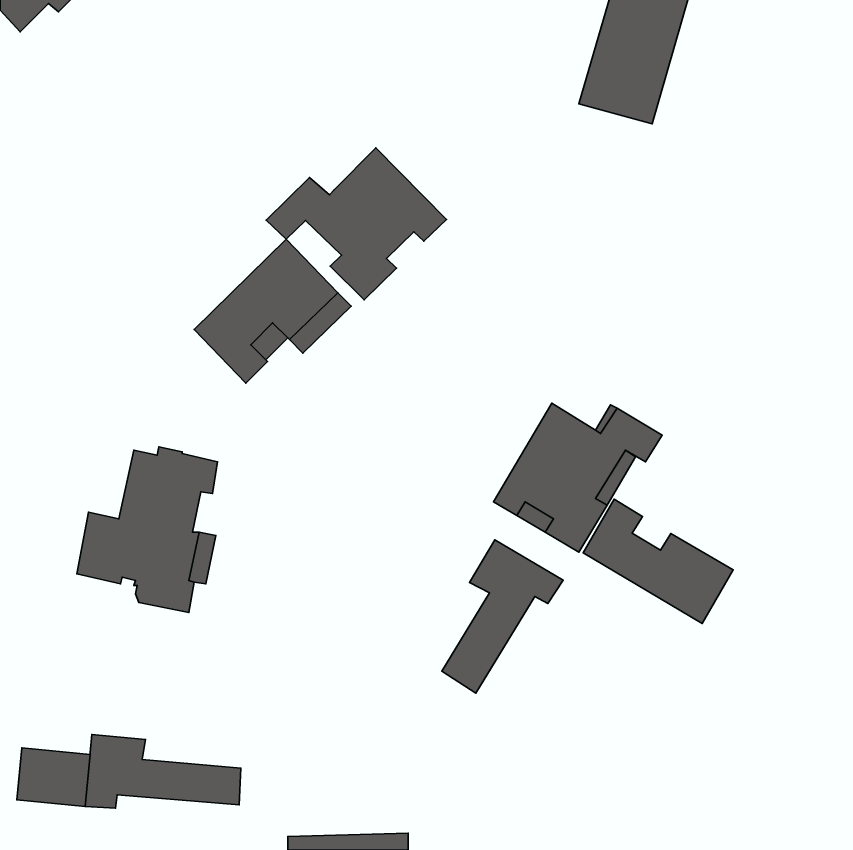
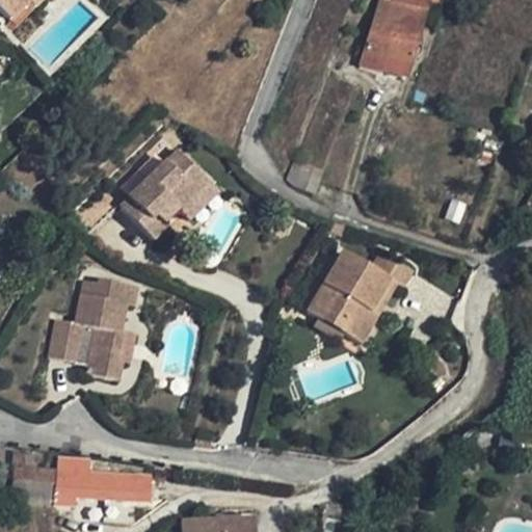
building: [266,148,446,300] -> none
building: [583,499,733,624] -> none
building: [442,540,563,693] -> none

